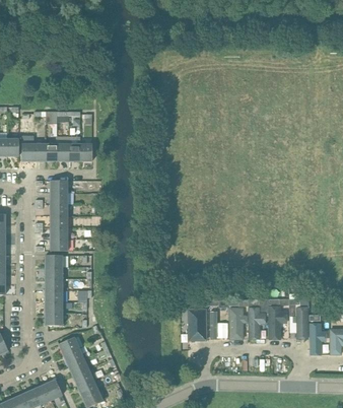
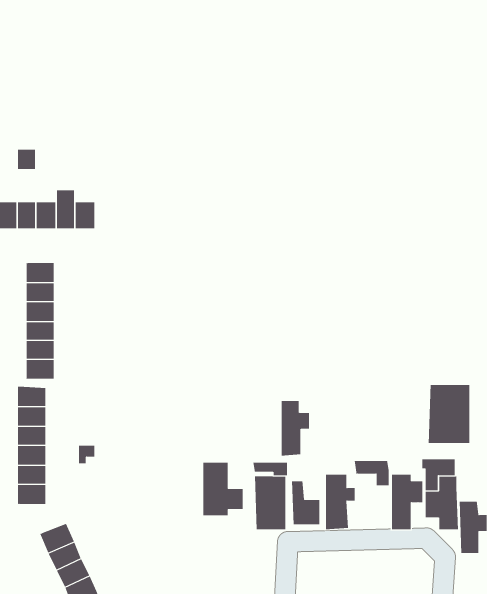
building: none -> [428,384,470,444]
building: none -> [203,462,243,516]
building: [249,307,266,340] -> [281,401,310,456]

